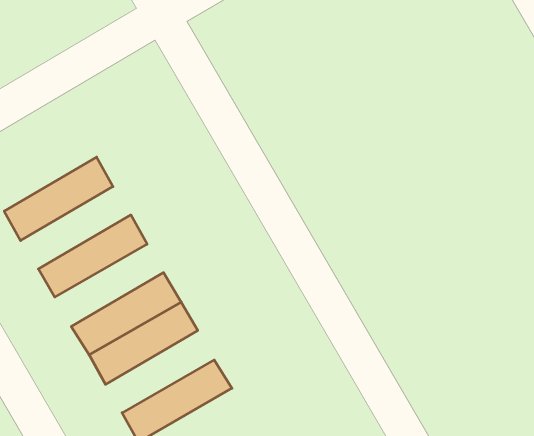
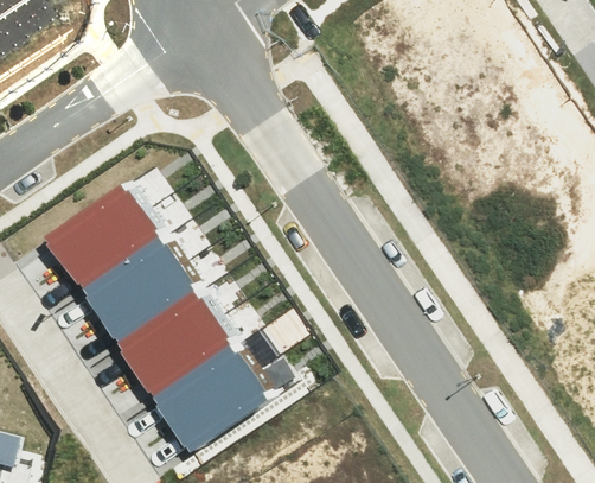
building: none -> [60,209,165,293]
building: none -> [97,262,200,347]
building: none -> [152,342,255,426]

